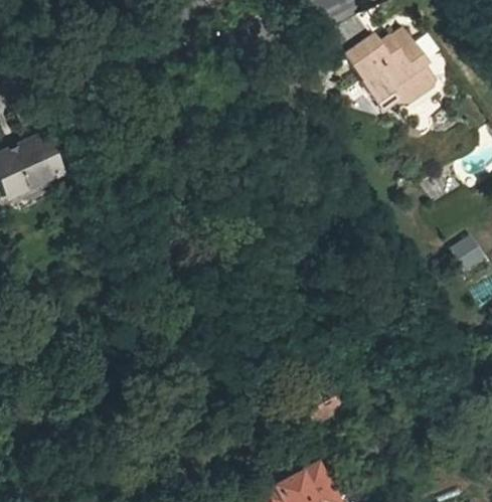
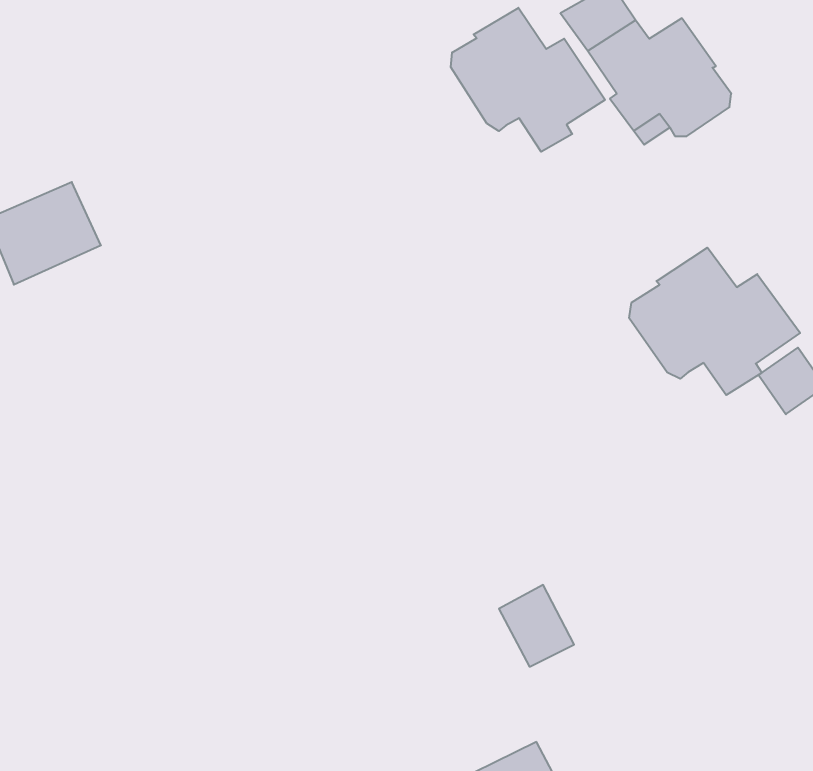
building: none -> [451,8,605,152]
building: none -> [629,248,800,395]

